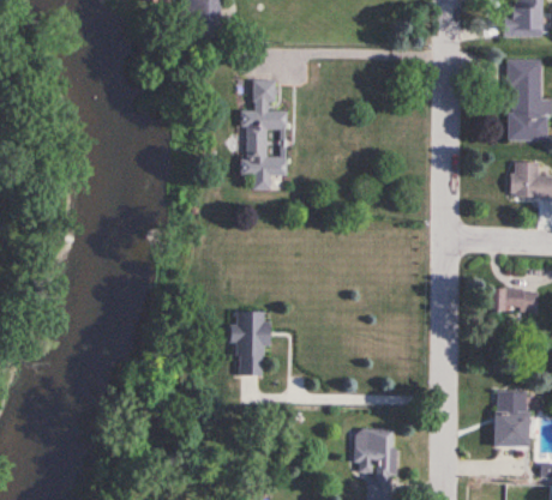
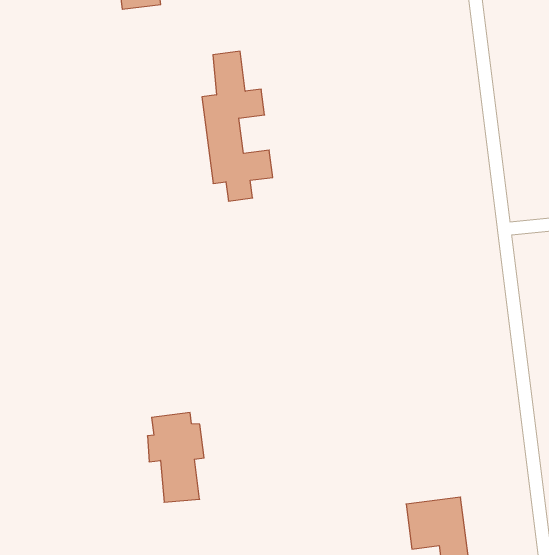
building: [228,312,269,376] -> [147,413,204,502]

